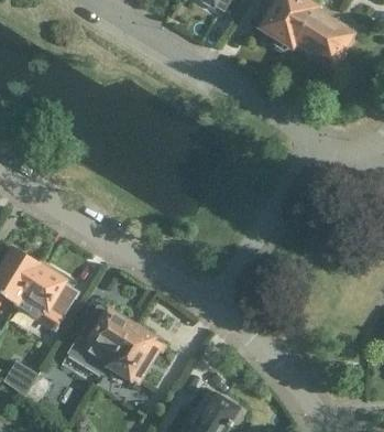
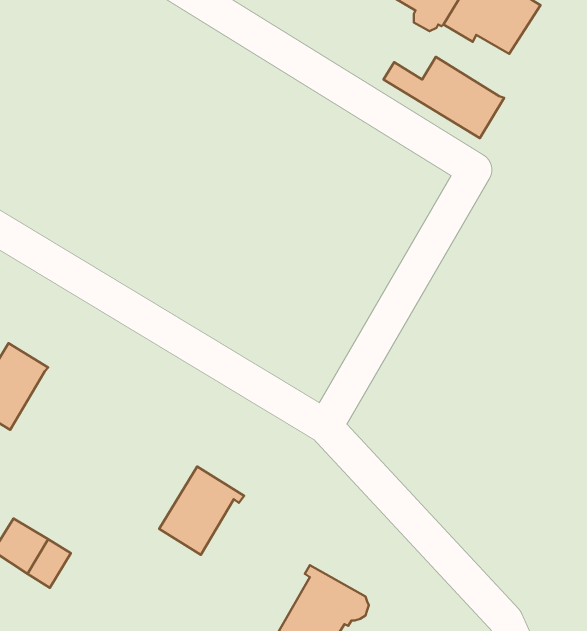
building: none -> [384,57,504,138]
building: [15,266,73,318] -> none
building: [68,306,134,376] -> none

